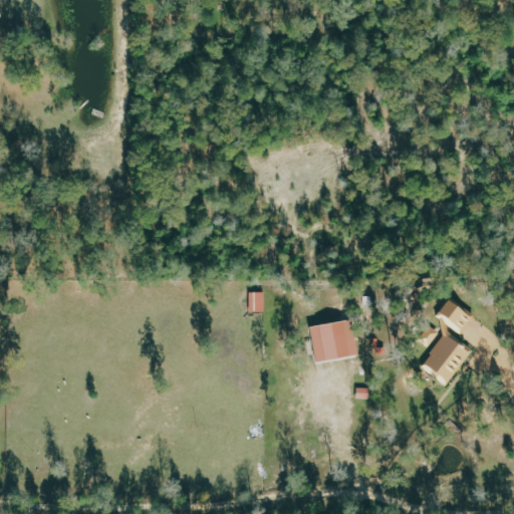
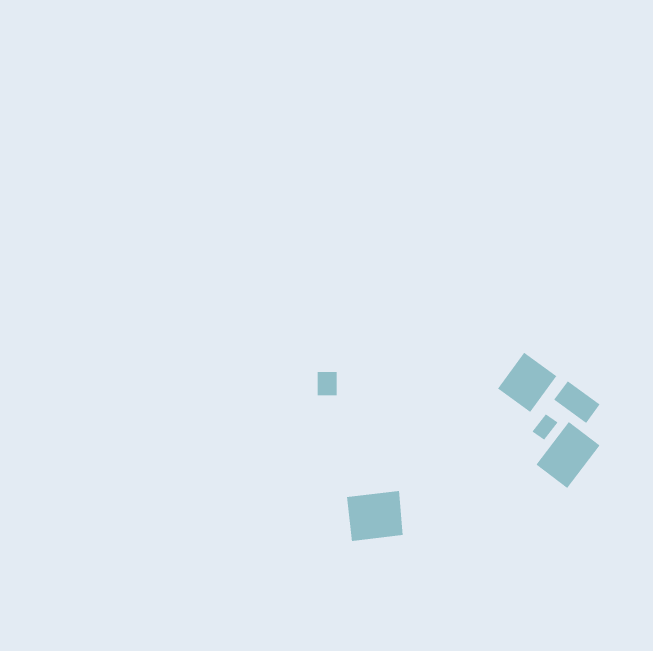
building: none -> [497,352,557,413]
building: [308,320,353,360] -> [346,490,404,542]

